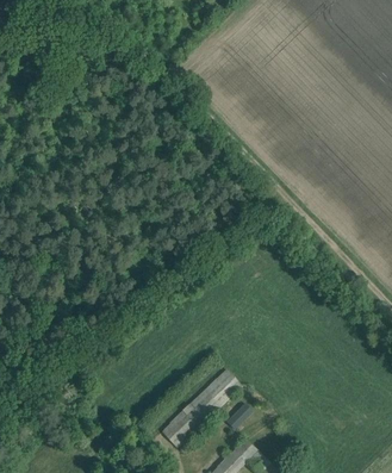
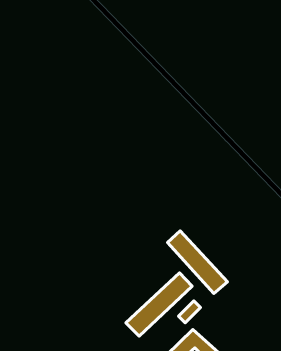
building: none -> [167,231,228,294]

